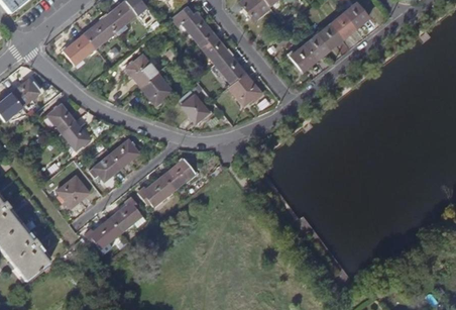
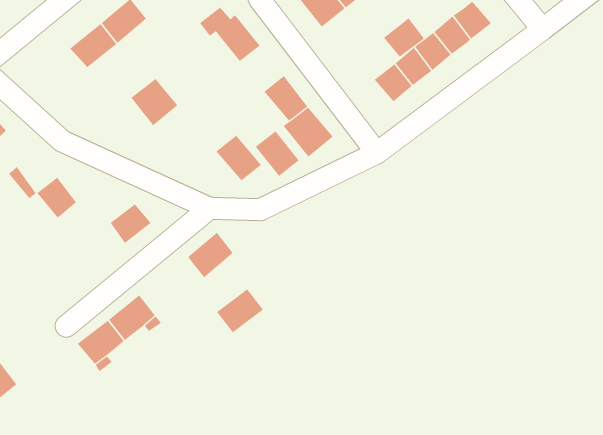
building: none -> [383,18,425,58]
building: [199,32,229,64] -> [255,130,300,177]
building: [64,34,96,65] -> none
building: [140,73,173,105] -> none
building: [48,104,76,132] -> none
building: [89,152,121,181] -> none
building: [56,175,89,207] -> none
building: [142,176,175,206] -> [216,288,264,333]

